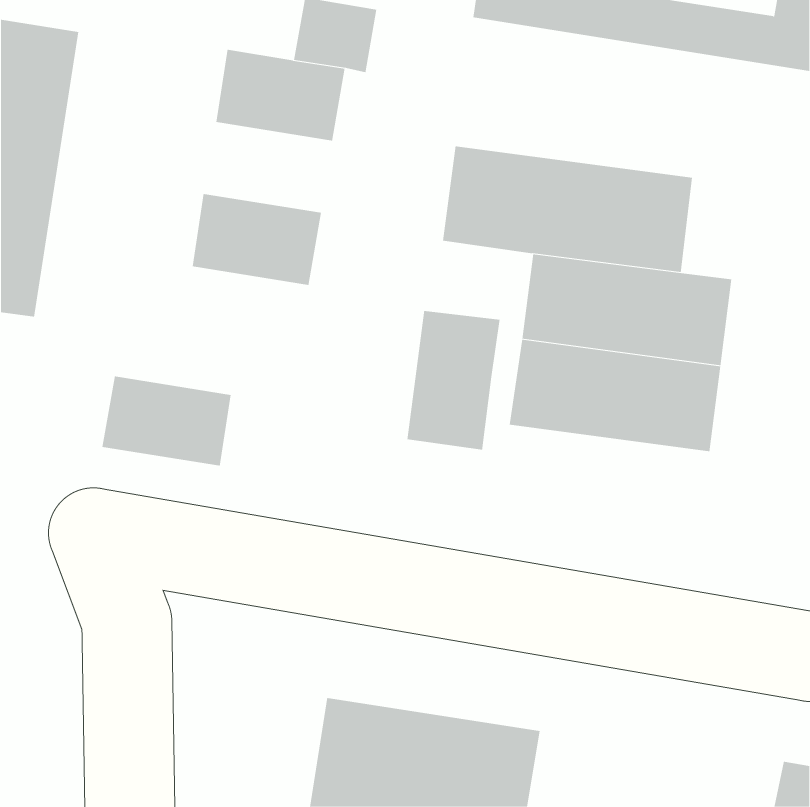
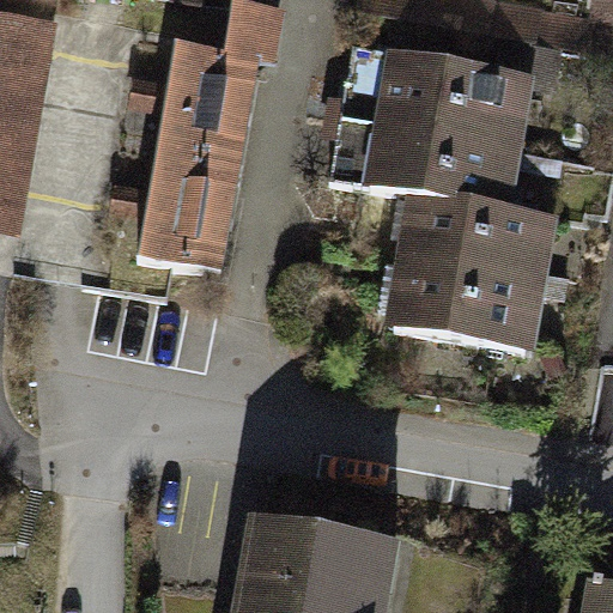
building: none -> [344,42,533,134]
building: none -> [153,92,251,160]
building: [407,310,500,450] -> none
building: [102,376,232,466] -> [135,201,233,269]

